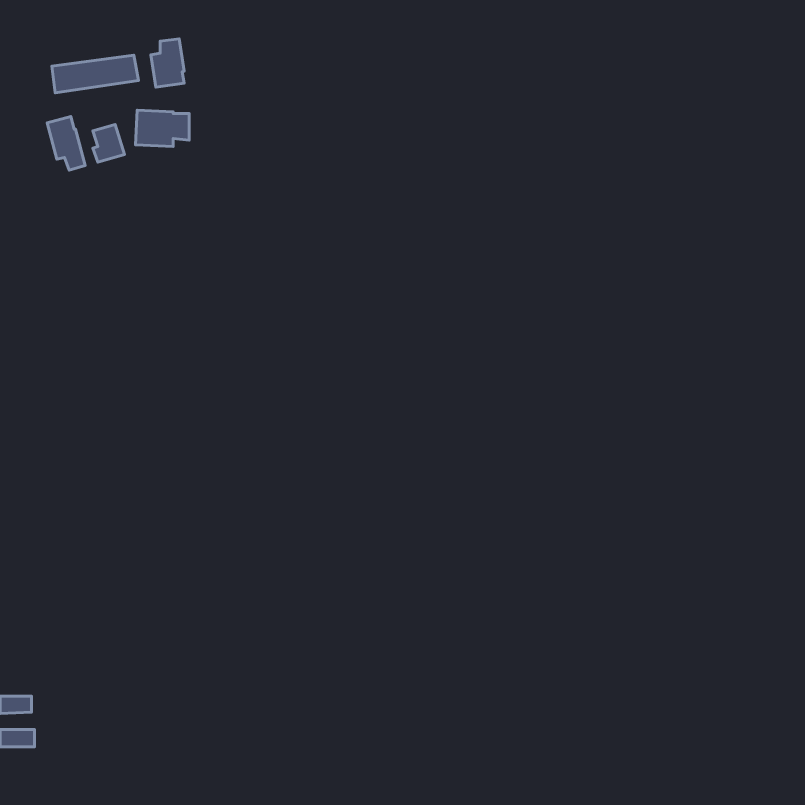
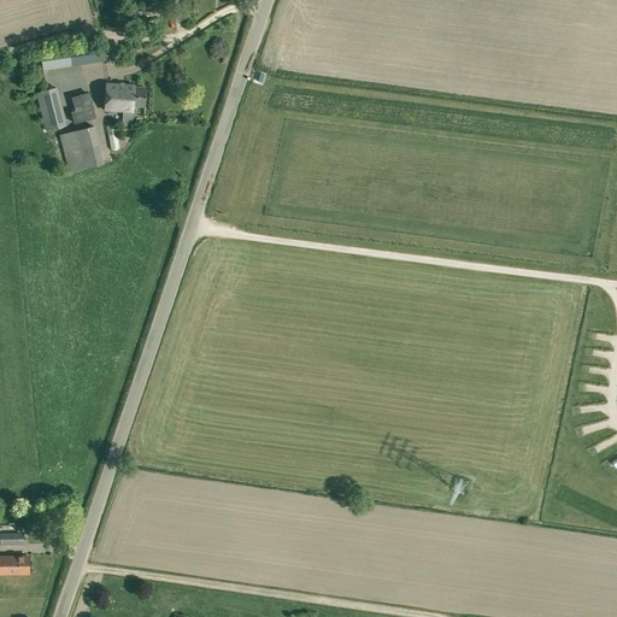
building: [151,39,184,87] -> none
building: none -> [59,125,104,174]

